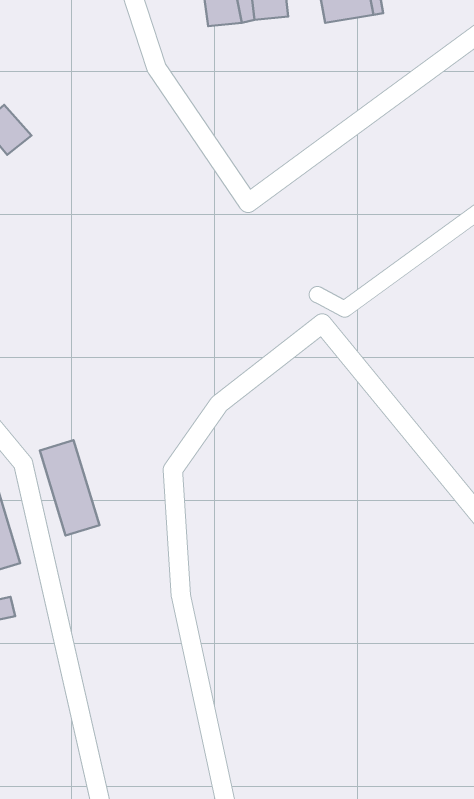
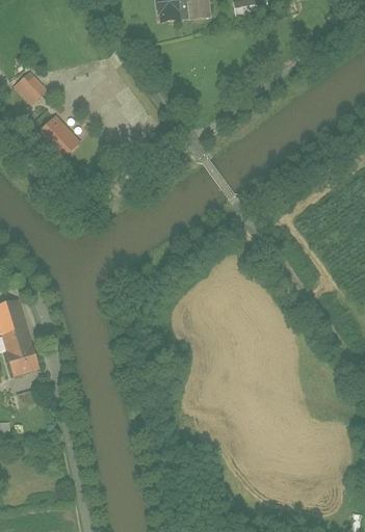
building: none -> [36,117,77,158]
building: [40,440,99,536] -> none

